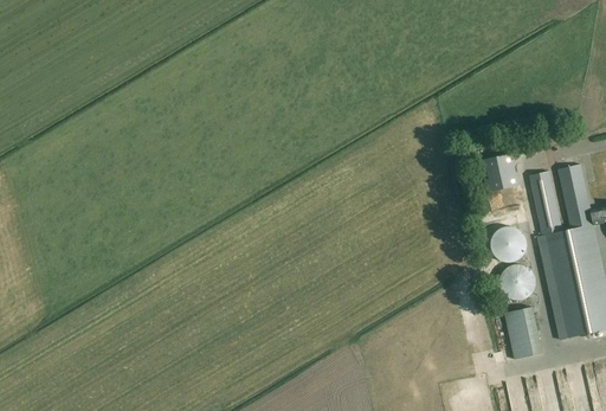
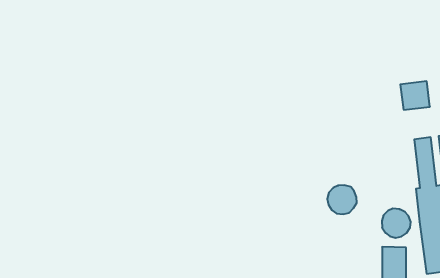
building: [482,154,521,192] -> [400,81,430,110]
building: [490,226,527,262] -> [327,185,357,214]

